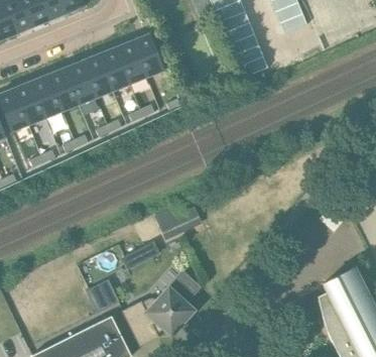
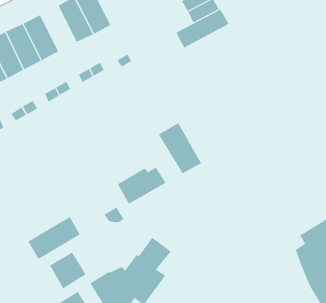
building: [99,47,130,91] -> none
building: none -> [176,9,229,49]
building: none -> [158,123,202,174]
building: none -> [28,216,81,260]

